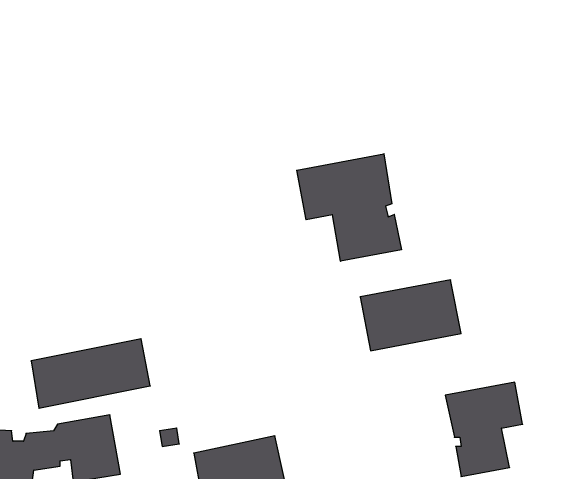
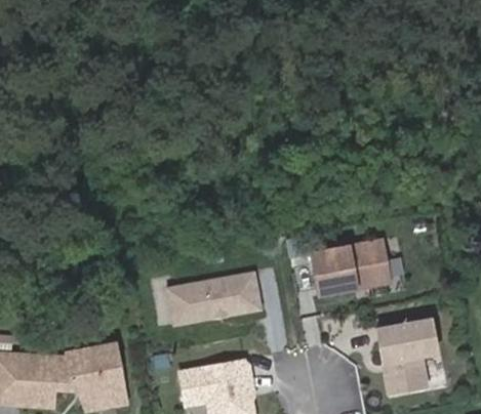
building: [297,154,401,261] -> none
building: [31,339,150,408] -> [167,271,260,325]

